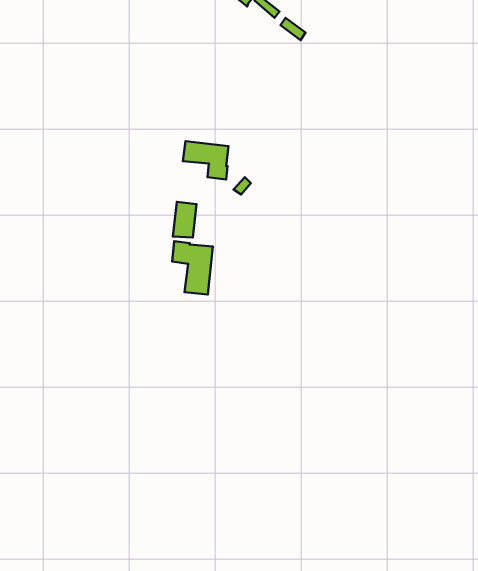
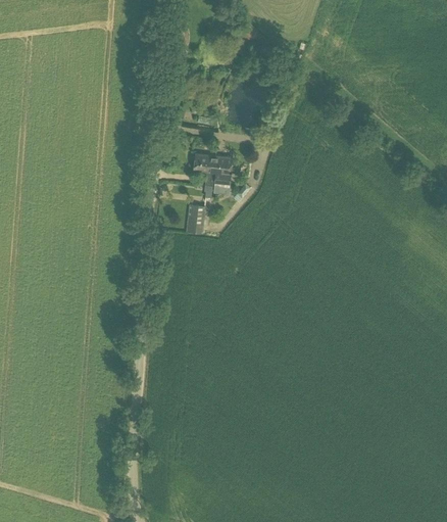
building: [172,241,213,295] -> none

